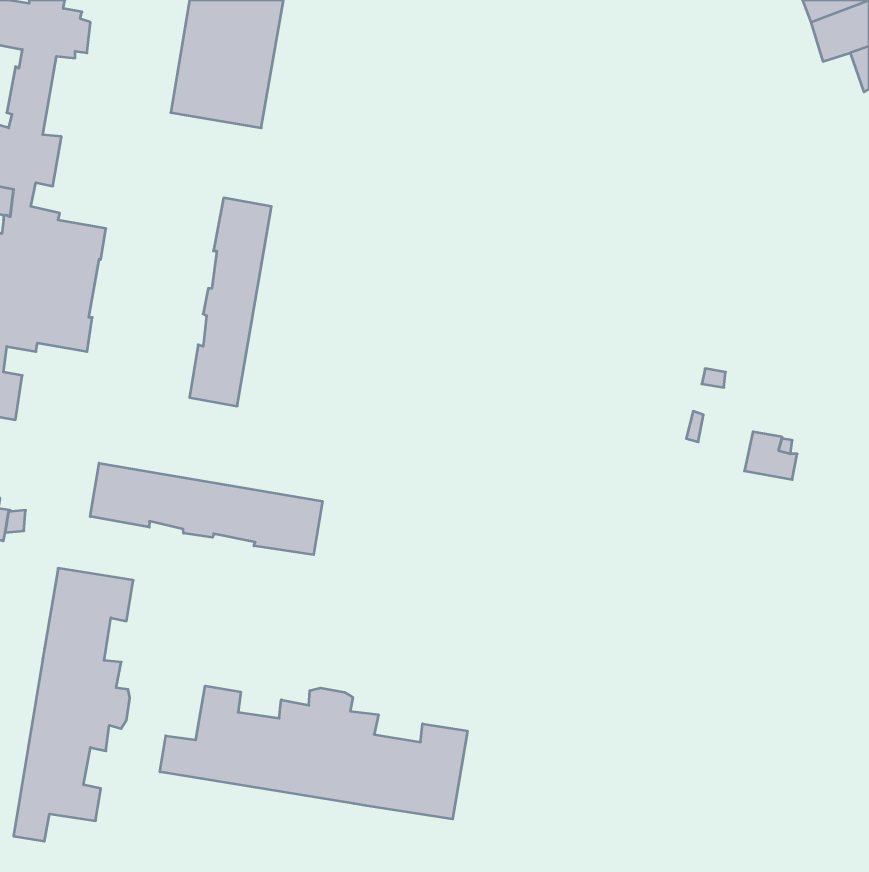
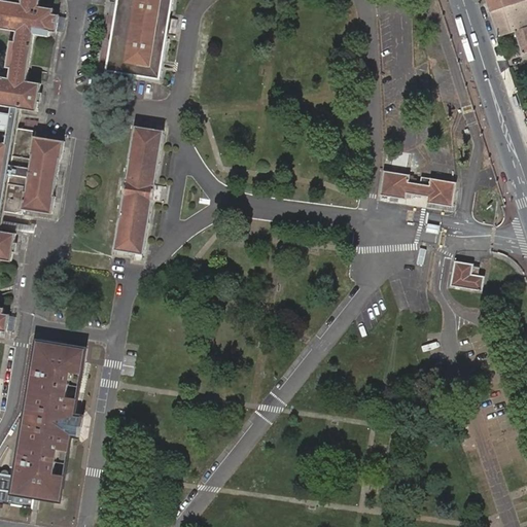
building: none -> [380,172,454,207]
building: [90,463,322,555] -> none
building: [160,686,467,819] -> none

